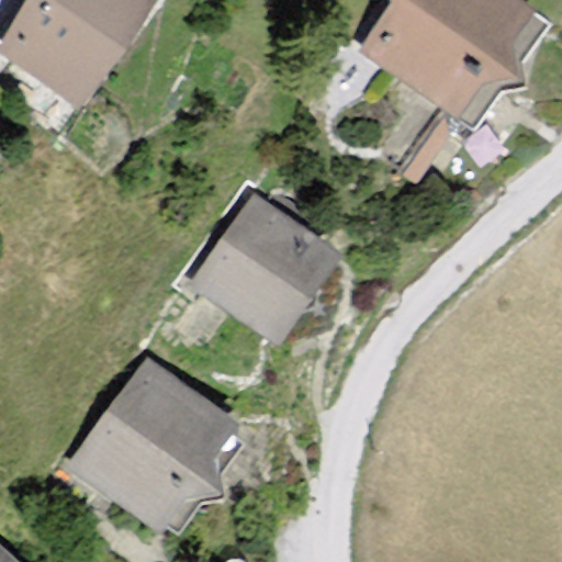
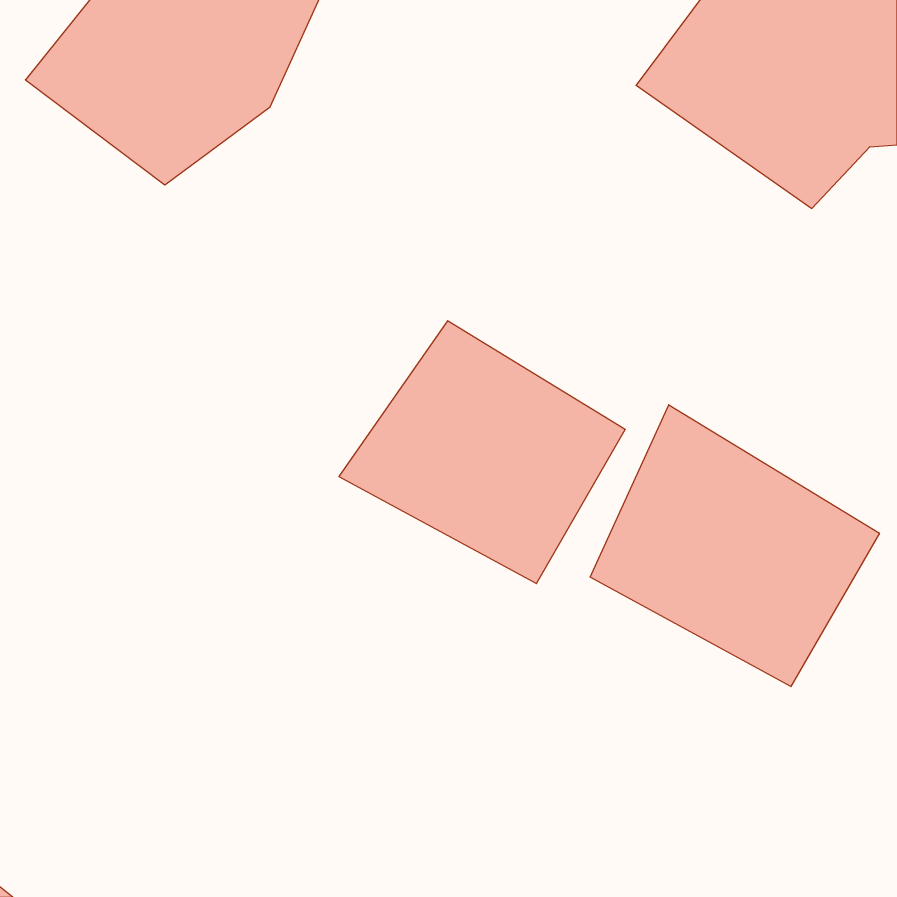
building: none -> [590,405,879,687]
building: [77,353,265,532] -> none

